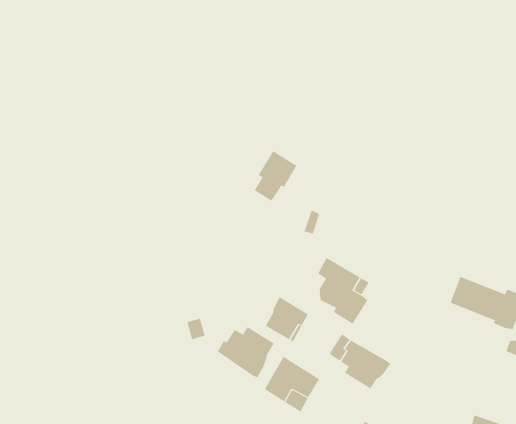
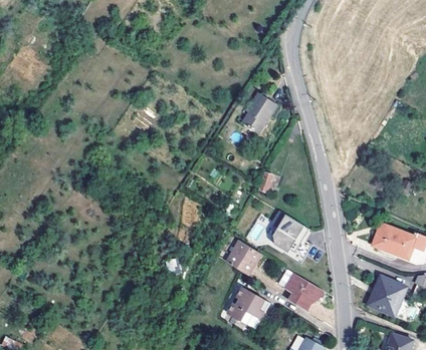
building: [254,151,297,202] -> [244,91,278,131]
building: [217,326,275,378] -> none
building: none -> [368,276,408,318]

